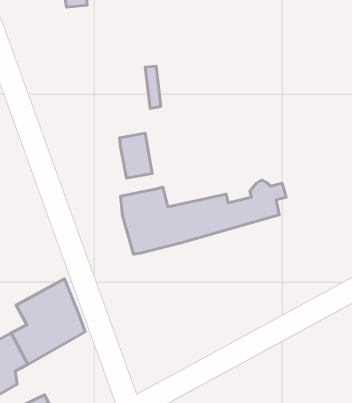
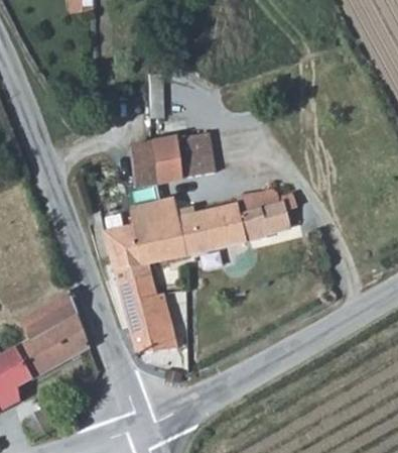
building: none -> [152,131,213,183]
building: none -> [103,226,175,352]

